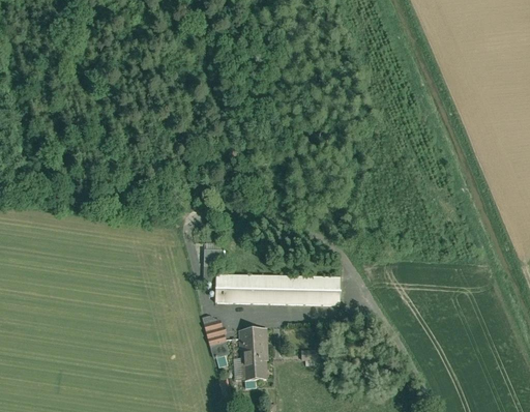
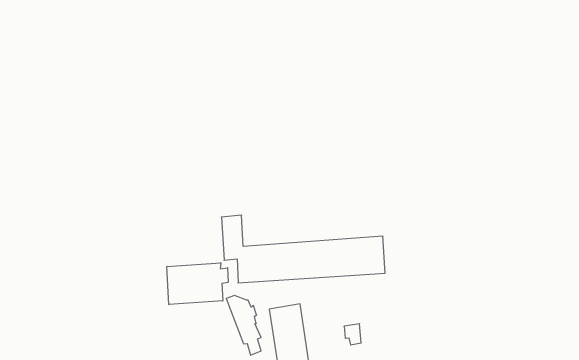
building: none -> [167,263,228,305]

